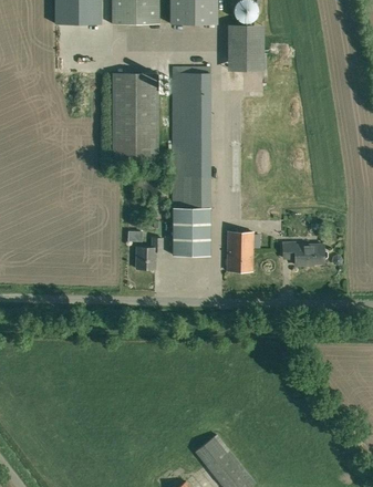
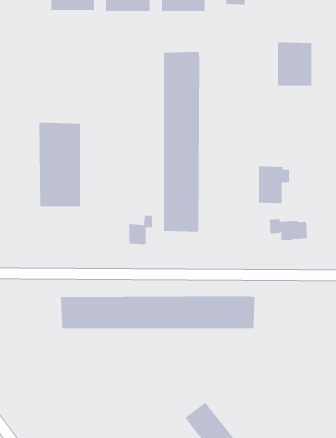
building: [230,21,267,68] -> [277,42,312,86]
building: [113,73,157,162] -> [39,122,81,207]
building: [227,231,260,271] -> [258,166,290,204]
building: none -> [61,296,255,329]

